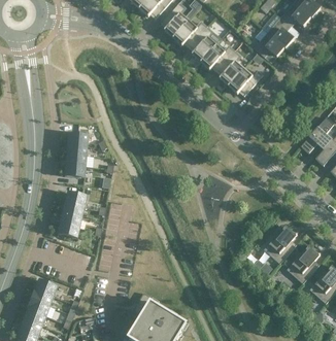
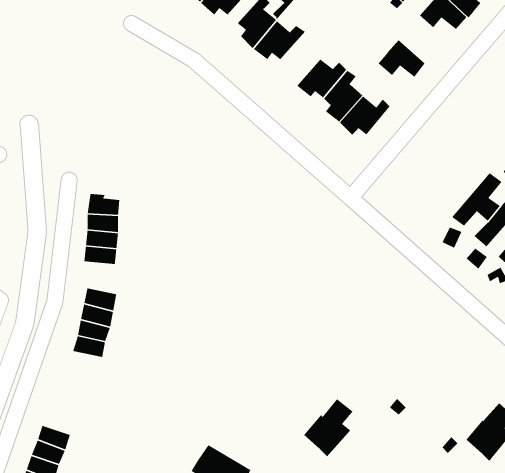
building: [262,11,293,47] -> none
building: [190,26,220,61] -> none
building: [263,225,296,263] -> [303,398,354,457]
building: [285,245,318,282] -> none

